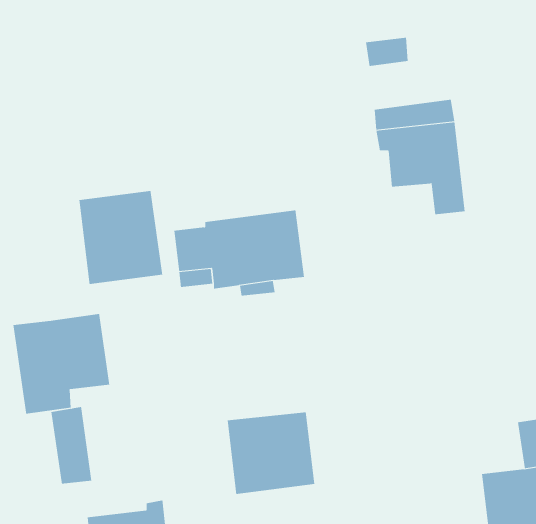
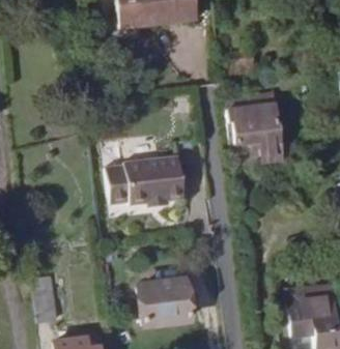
building: [79,190,163,285] -> none
building: [13,313,110,414] -> none

